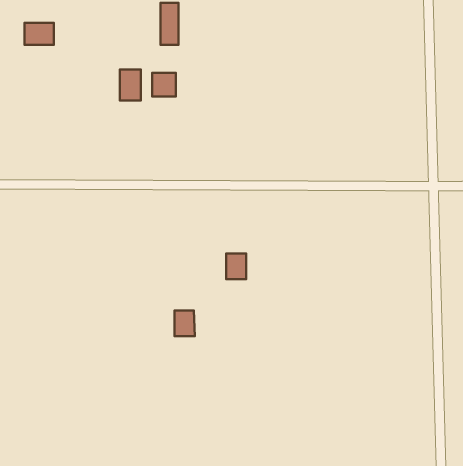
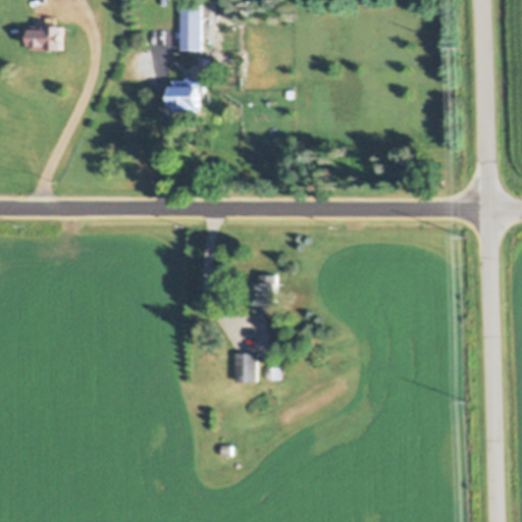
building: [120,70,141,100] -> none
building: [175,311,195,336] -> [233,353,256,381]

